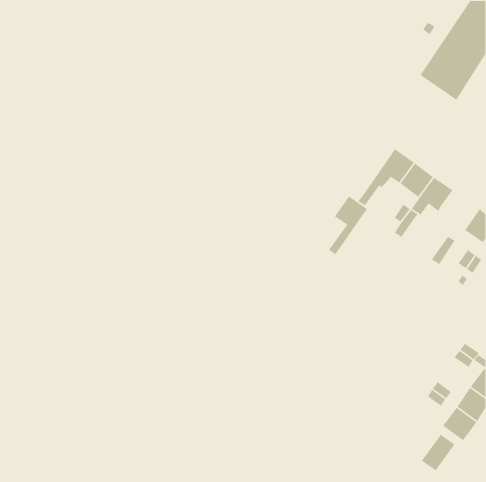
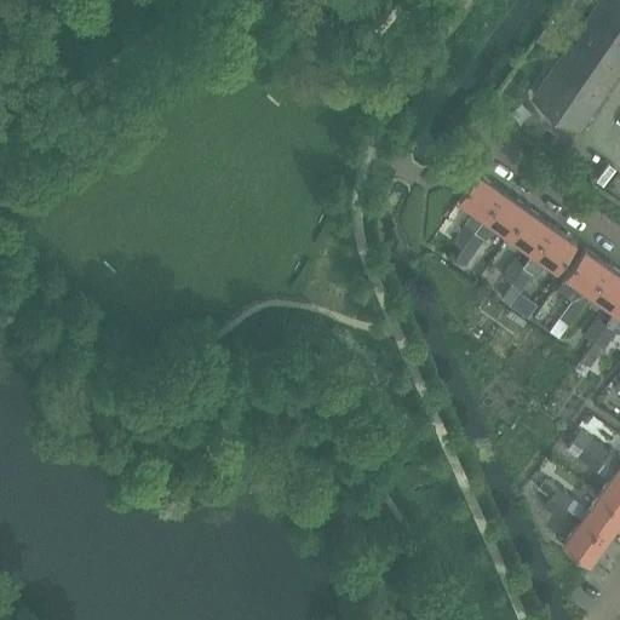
building: none -> [566,253,610,298]
building: [328,196,368,255] -> [452,177,503,253]
building: [421,434,456,471] -> none

